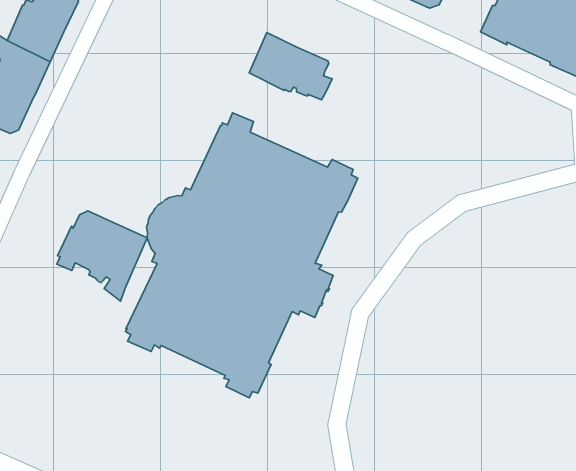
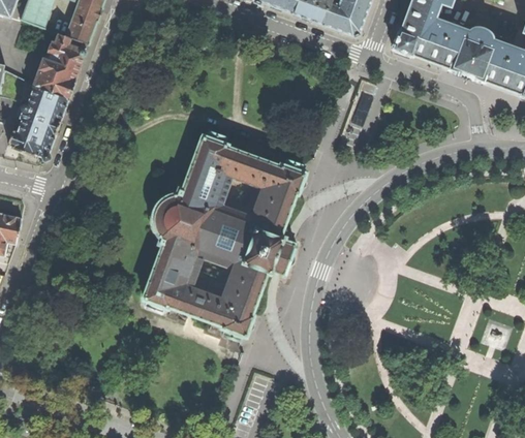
building: [249,32,332,100] -> none
building: [57,211,147,301] -> none

